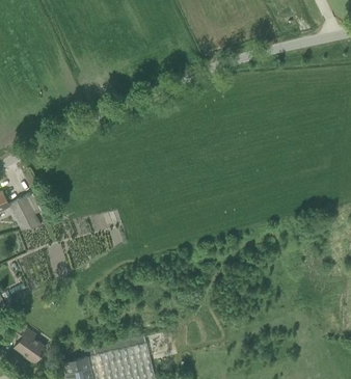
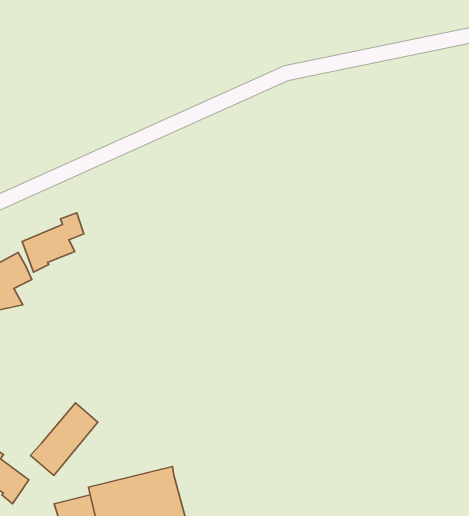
building: none -> [22,213,84,272]
building: none -> [30,403,98,475]

